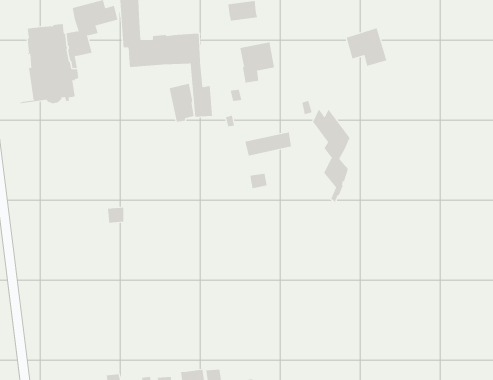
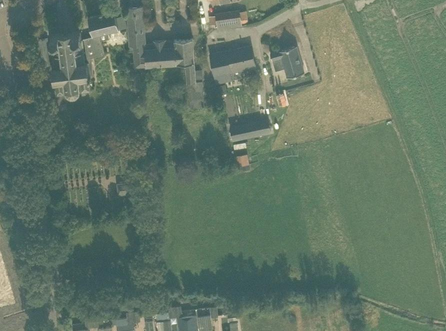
building: [346,28,387,67] -> [269,46,303,78]
building: [169,83,194,122] -> [208,51,229,83]
building: [312,108,350,203] -> none

